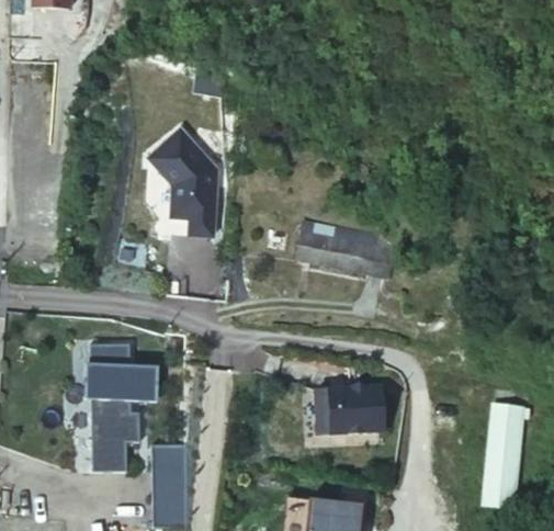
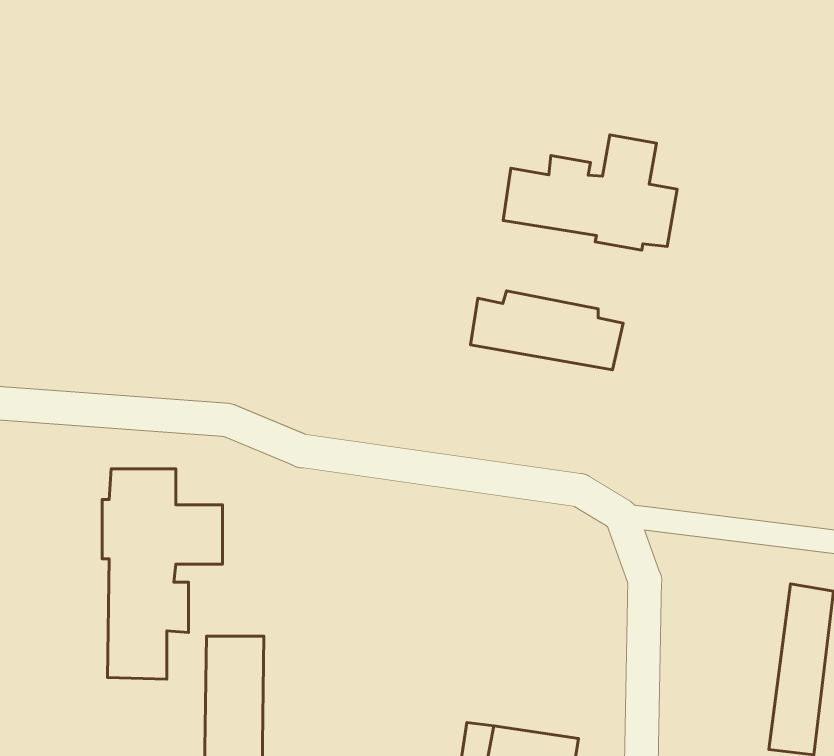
building: [152,129,221,236] -> none
building: none -> [503,135,677,250]
building: [321,387,388,432] -> none

